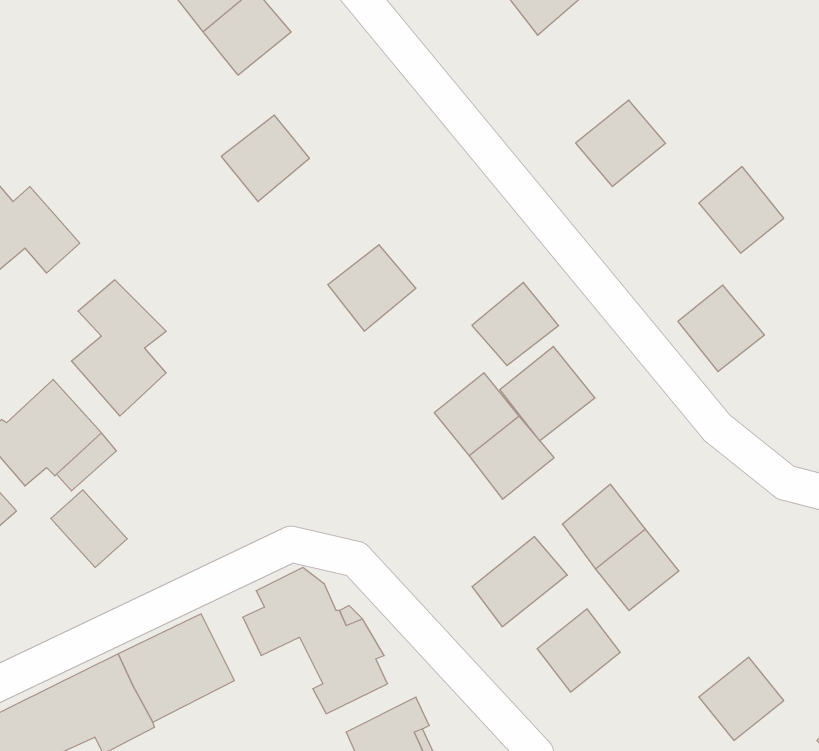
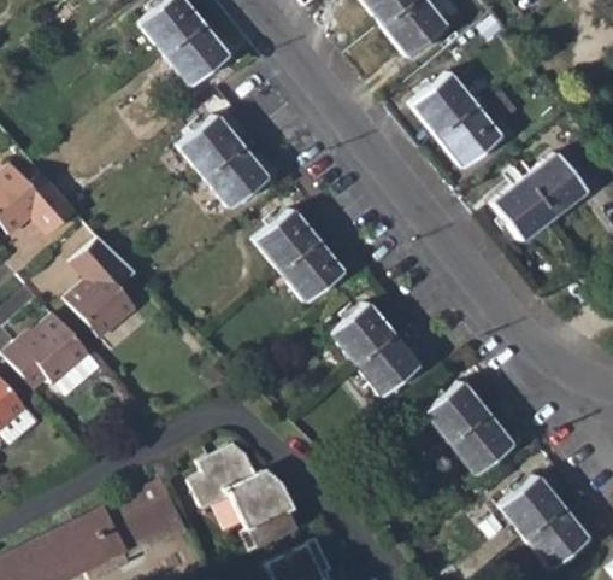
building: none -> [411,75,473,136]
building: none -> [205,147,267,210]
building: [472,282,559,366] -> [282,241,344,301]
building: [678,285,764,372] -> [491,180,554,242]
building: [500,346,595,441] -> none
building: [51,490,127,567] -> none
building: [472,537,567,627] -> none
building: [537,609,620,692] -> [500,478,560,538]

